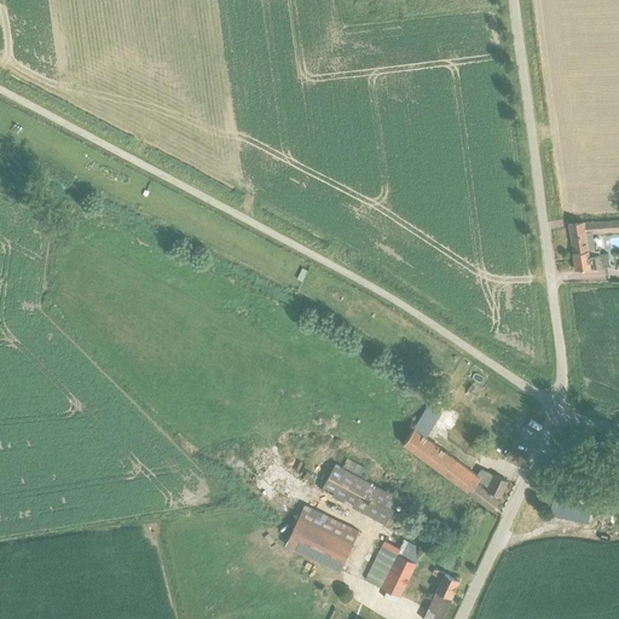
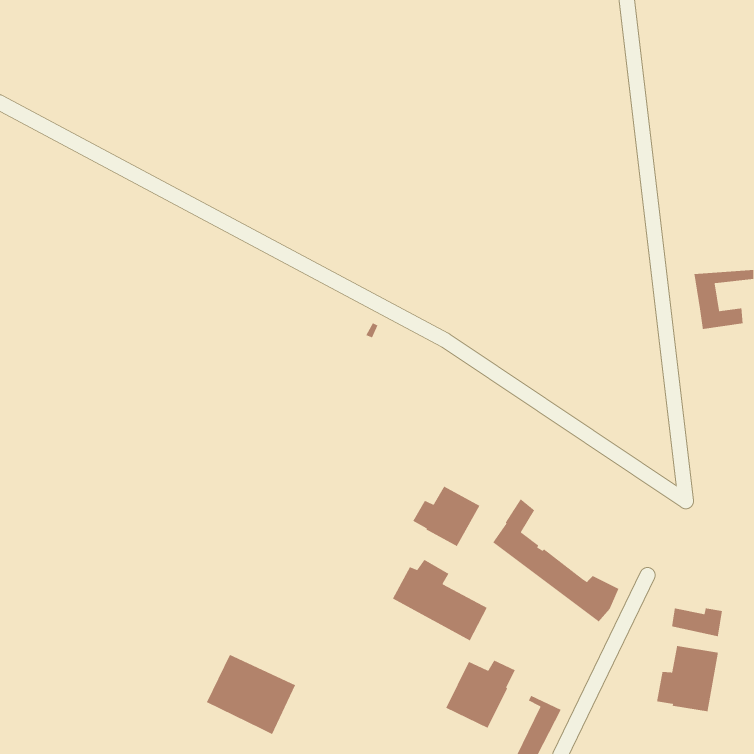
building: none -> [412,485,480,547]
building: [284,505,358,572] -> [206,654,296,735]
building: none -> [656,645,719,712]

